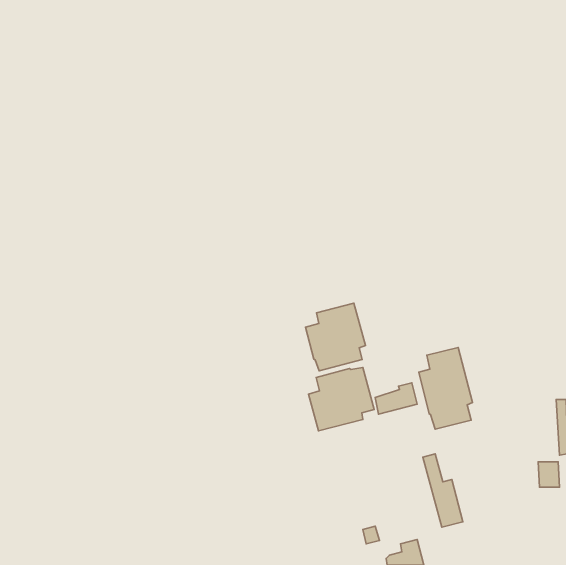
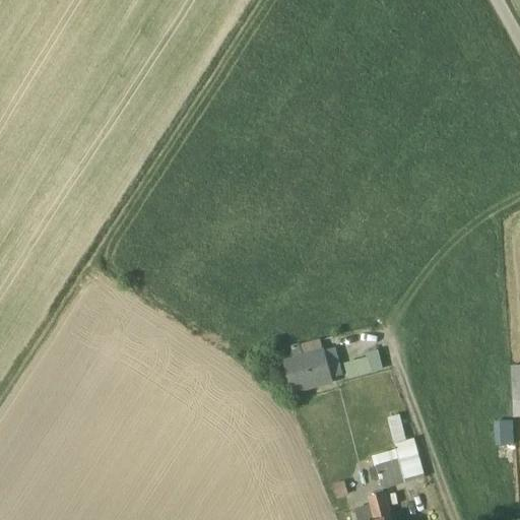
building: [305,303,366,371] -> none
building: [419,347,473,429] -> none
building: none -> [369,444,405,490]

